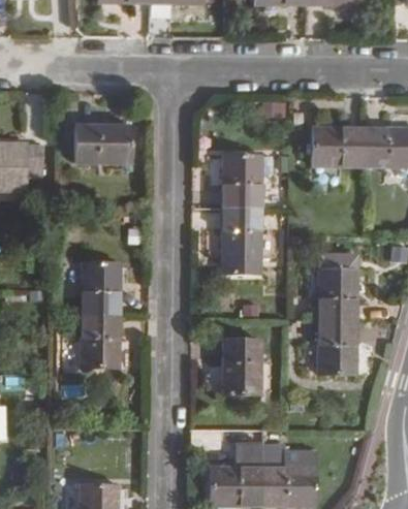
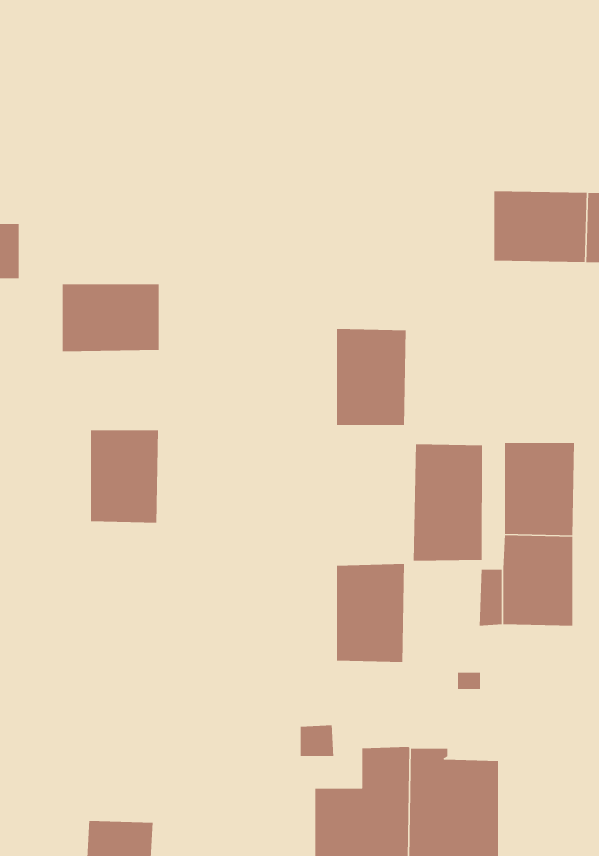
building: [74,125,130,164] -> [62,283,160,352]
building: [222,155,262,205] -> none
building: none -> [413,443,483,561]
building: [82,315,120,368] -> none

